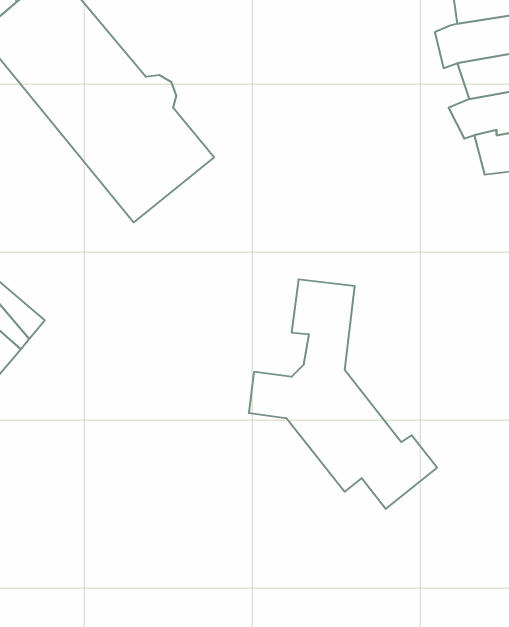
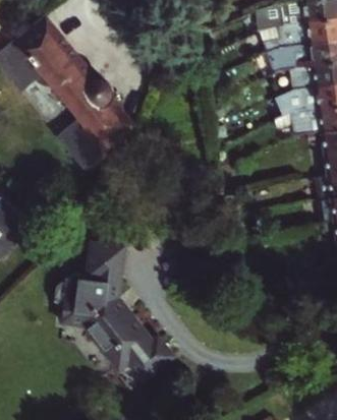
building: [249,279,437,509] -> [62,243,174,379]

